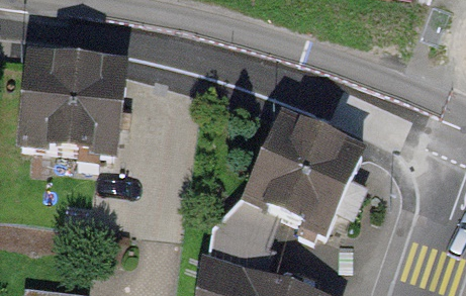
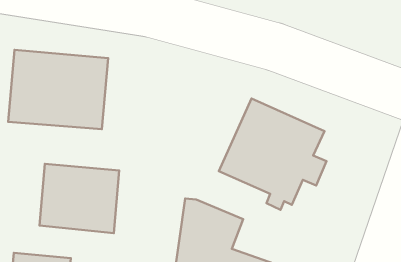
building: none -> [39,164,119,233]

